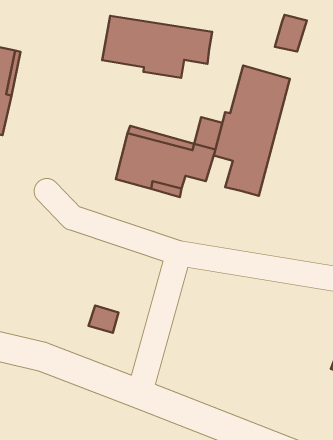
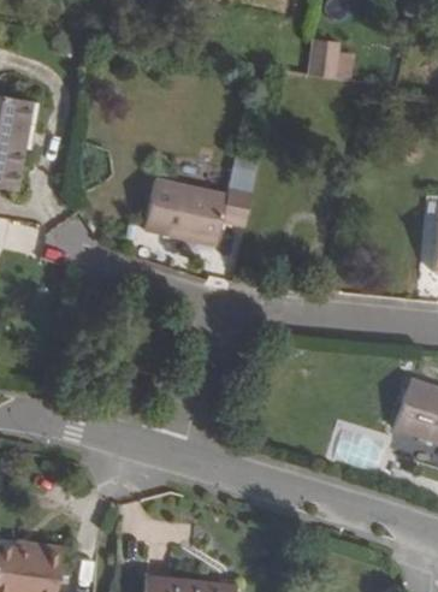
building: [102,16,212,78] -> none
building: [214,65,290,196] -> none

